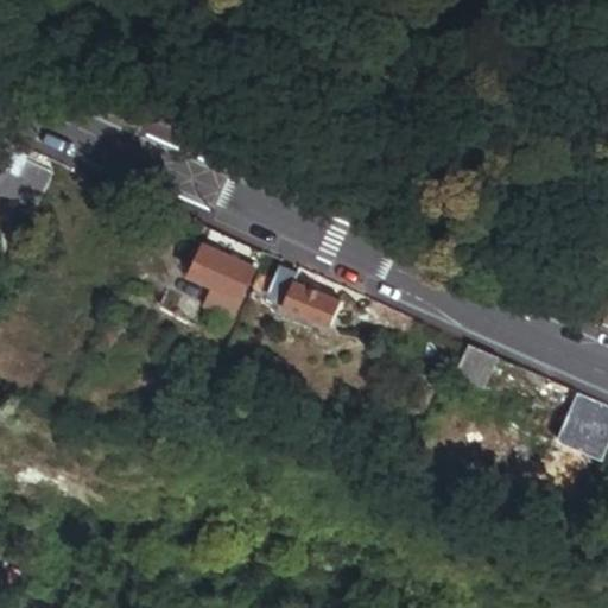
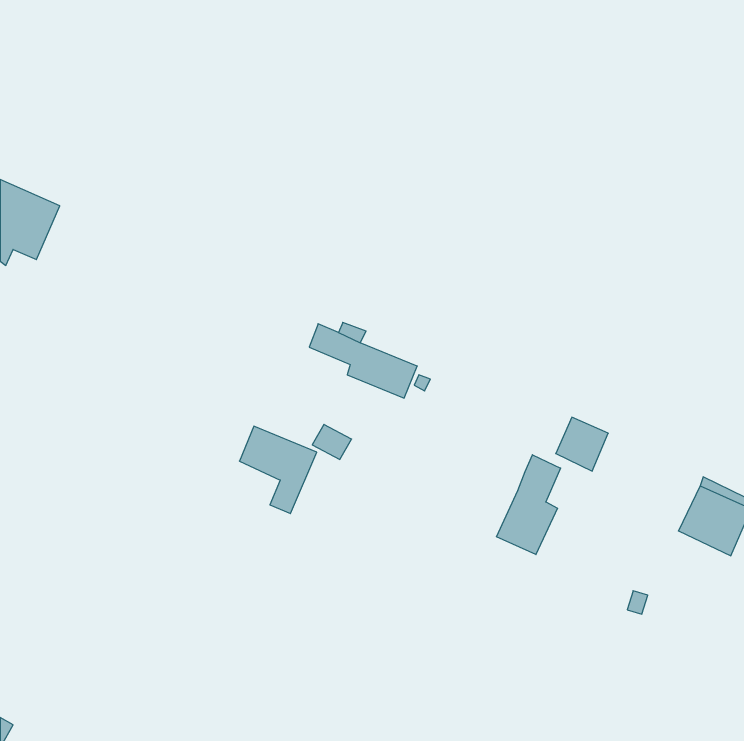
building: [190,248,253,319] -> [239,426,317,514]
building: none -> [496,455,561,555]

